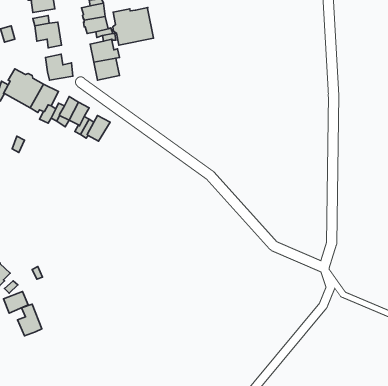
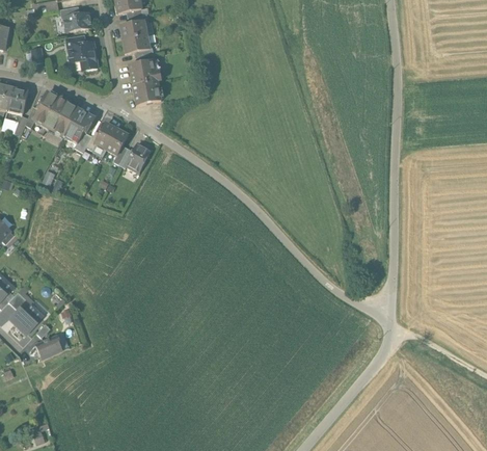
building: [113,8,153,45] -> none
building: [46,54,73,80] -> none
building: [17,304,42,336] -> none

